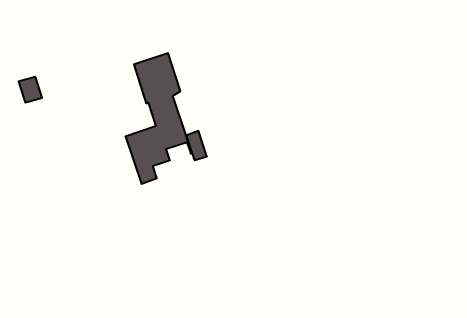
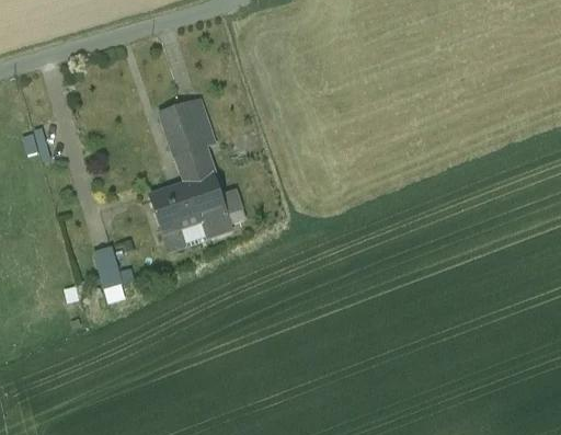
building: none -> [196,202,231,237]
building: none -> [96,243,127,287]

